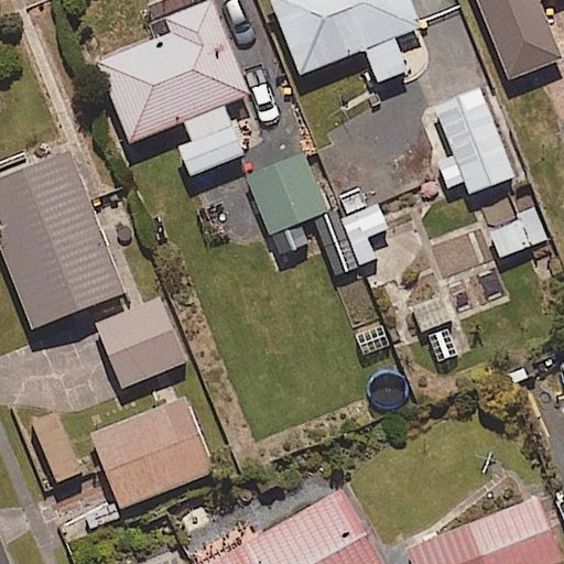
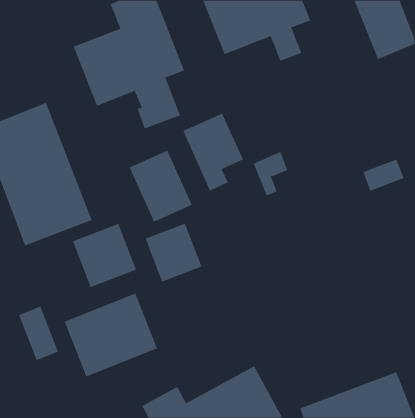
building: [420,89,517,196] -> none
building: none -> [129,150,192,223]
building: none -> [145,223,202,283]

